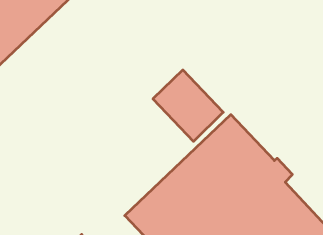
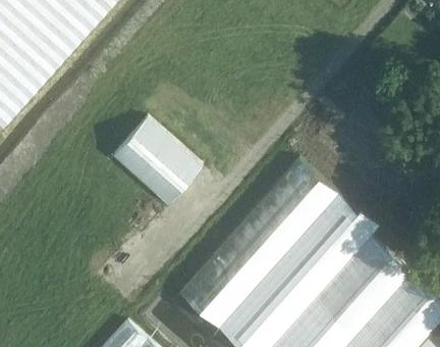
building: [153,70,223,141] -> [114,117,202,204]

